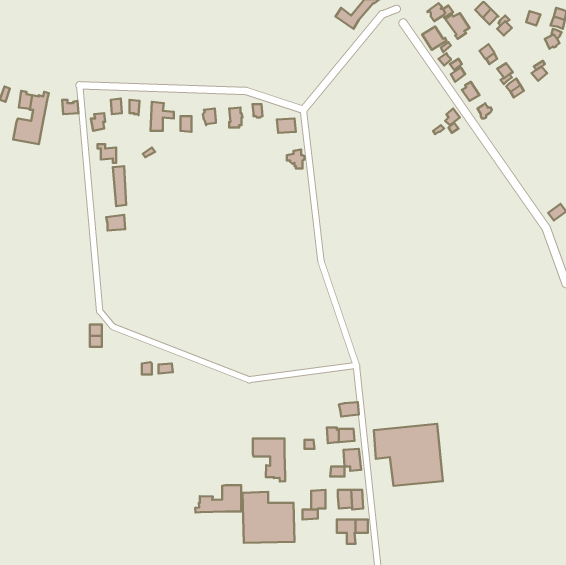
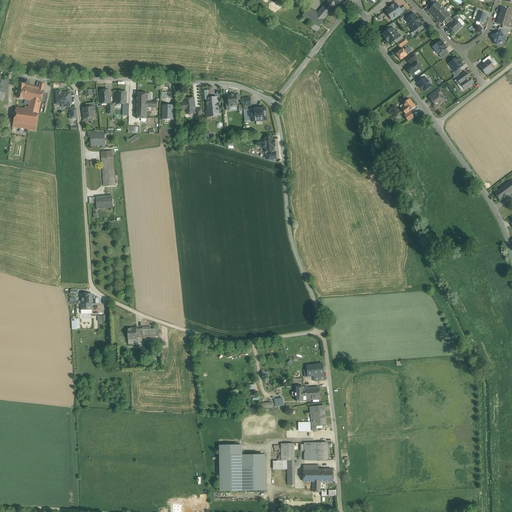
building: [374,424,443,486] -> none
building: [253,438,285,482] -> none
building: [195,485,241,512] -> none

